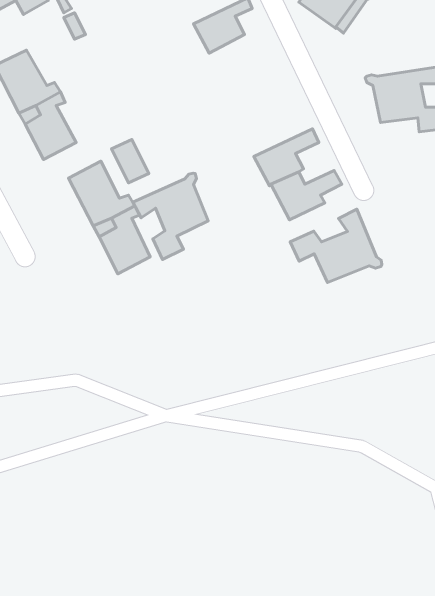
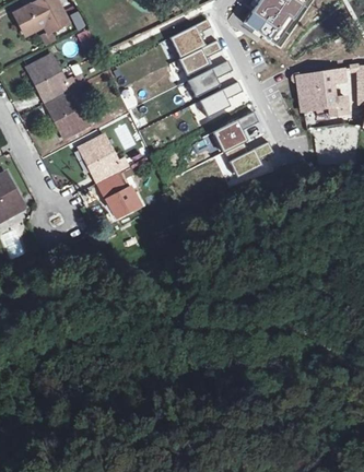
building: none -> [178,40,222,76]
building: none -> [187,61,233,97]
building: none -> [200,82,243,117]
building: [133,173,208,259] -> none
building: [290,209,382,283] -> none

